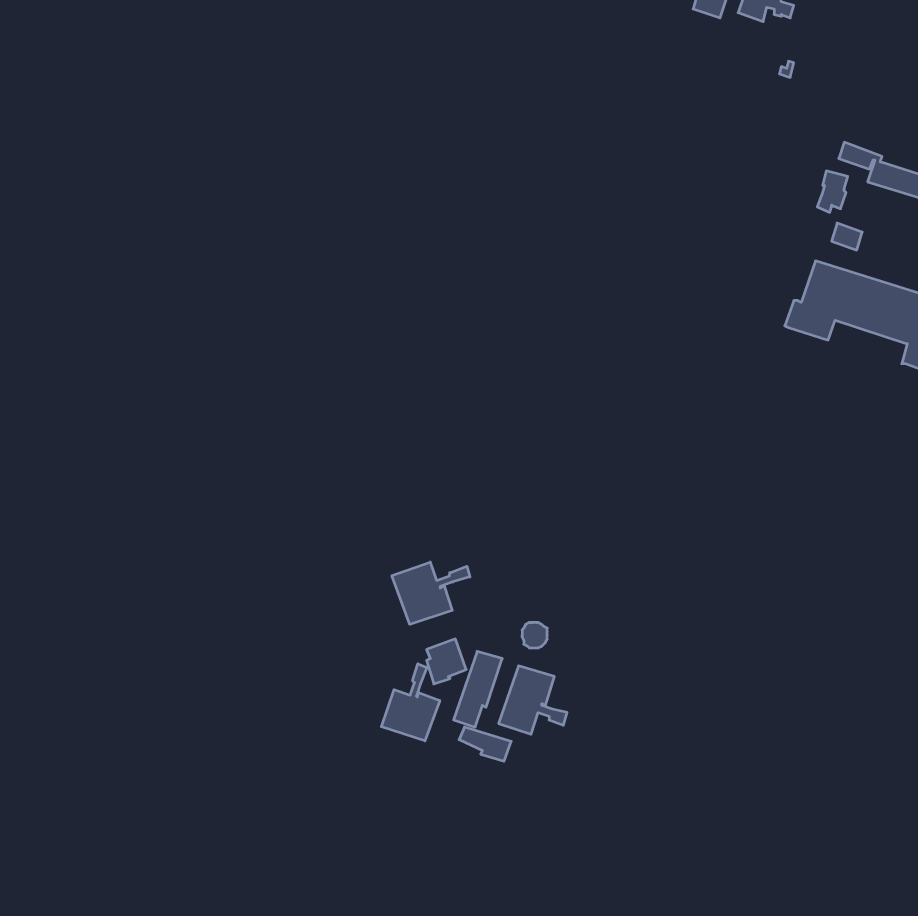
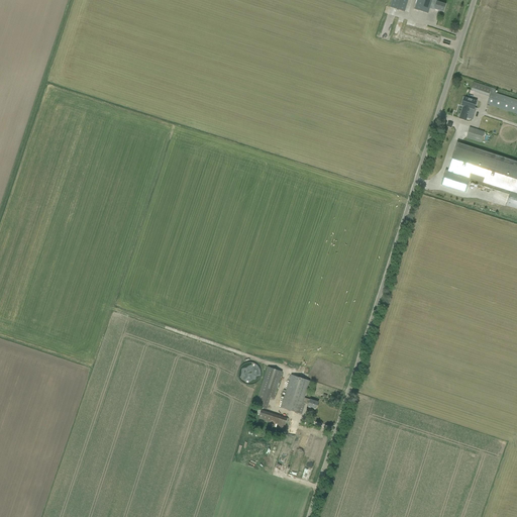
building: [392,562,470,624] -> none
building: [381,664,440,741] -> none

